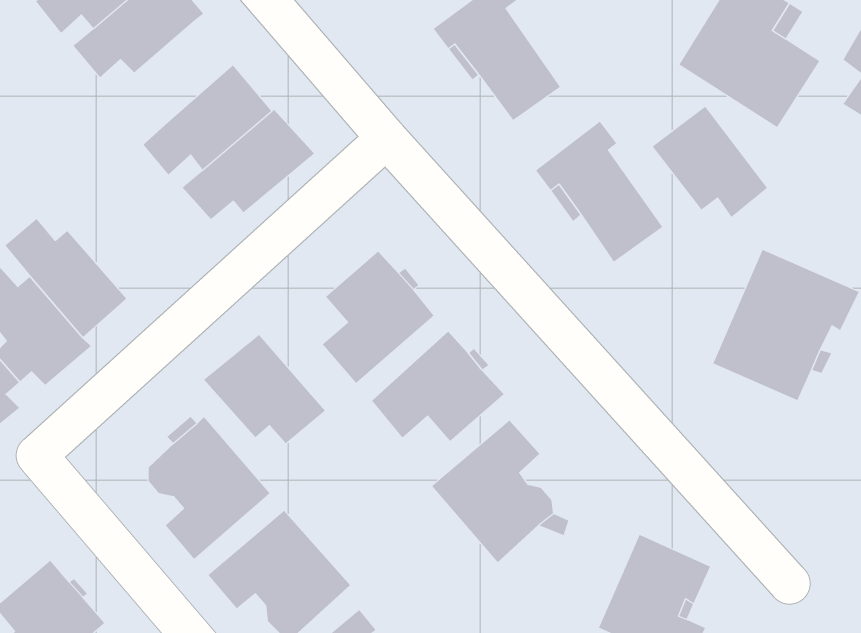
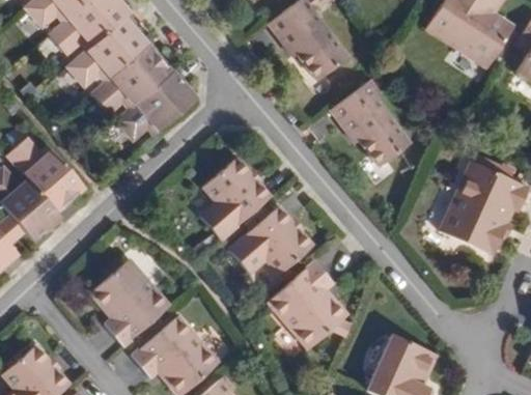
building: none -> [68,19,147,86]
building: [652,106,768,218] -> none
building: [203,334,326,444] -> none

